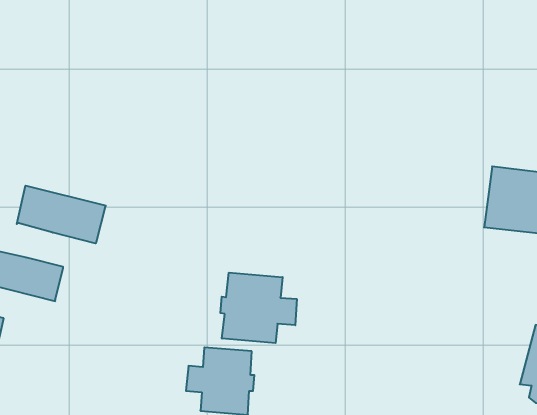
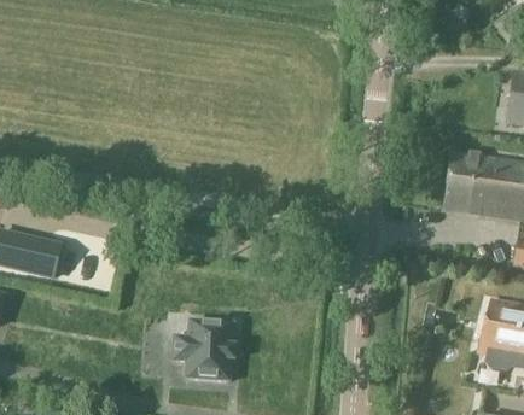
building: [17,186,106,243] -> none
building: [220,273,297,343] -> none

